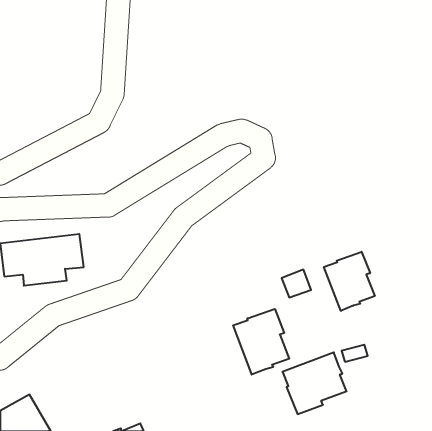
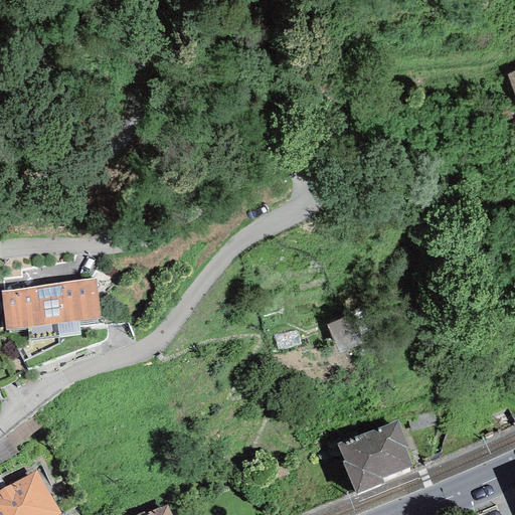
building: [324,252,375,311] -> none
building: [233,309,289,375] -> none

